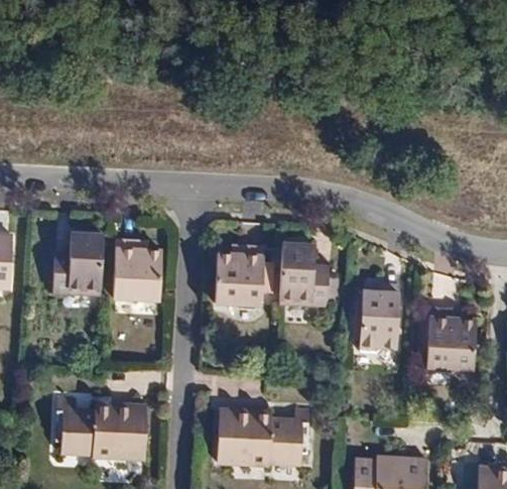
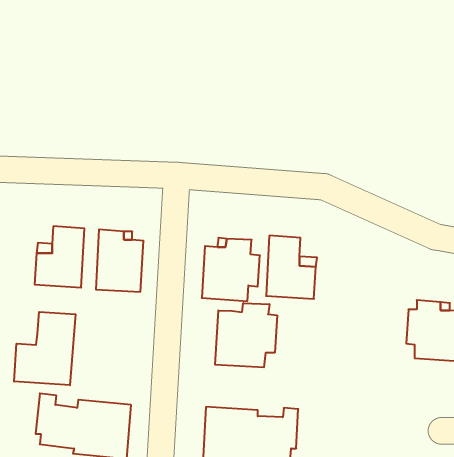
building: [358,278,397,344] -> none
building: none -> [215,303,277,367]
building: none -> [14,312,76,385]

